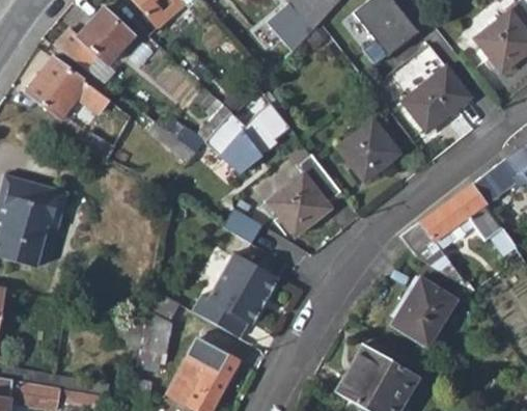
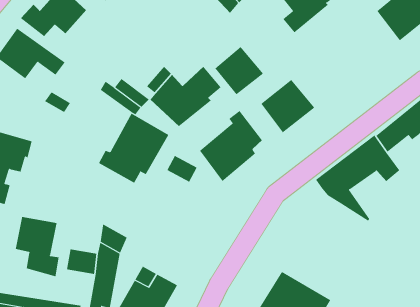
building: [400,63,472,134] -> none
building: none -> [215,46,264,95]
building: [194,252,277,335] -> [98,113,169,184]
building: [392,278,455,347] -> none
building: none -> [15,216,59,277]

